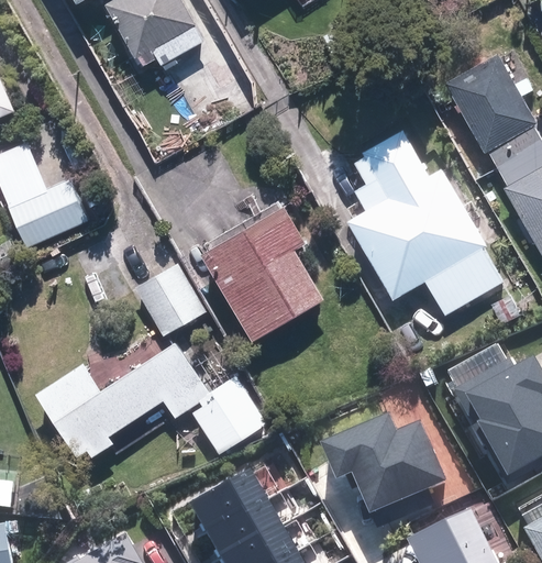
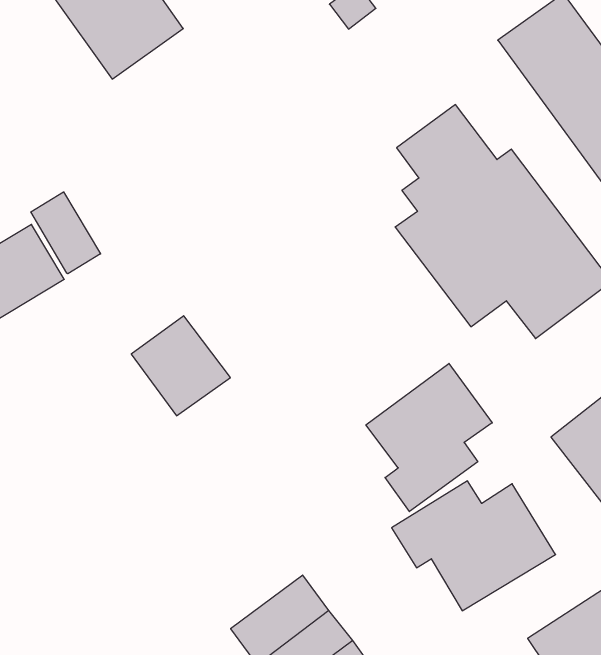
building: none -> [31,192,101,274]
building: [204,202,330,340] -> none
building: none -> [366,363,492,512]
building: [36,338,266,462] -> none

